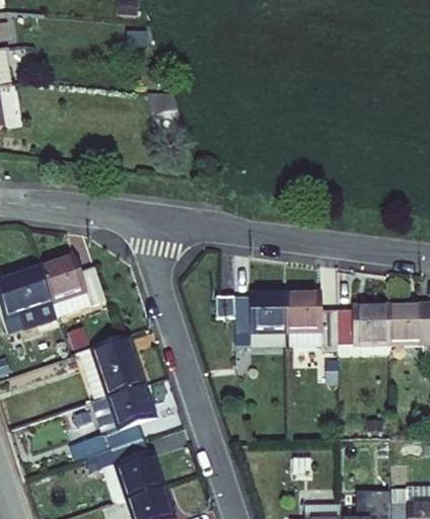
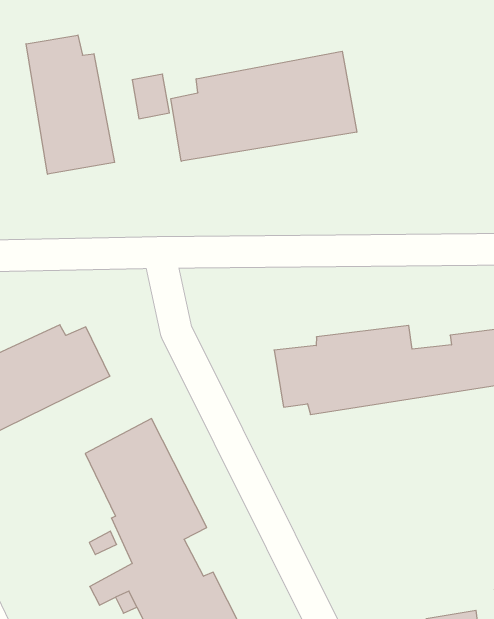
building: none -> [26,35,115,174]
building: none -> [171,51,357,161]

